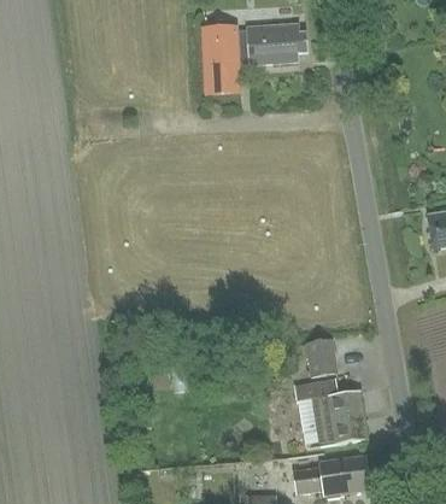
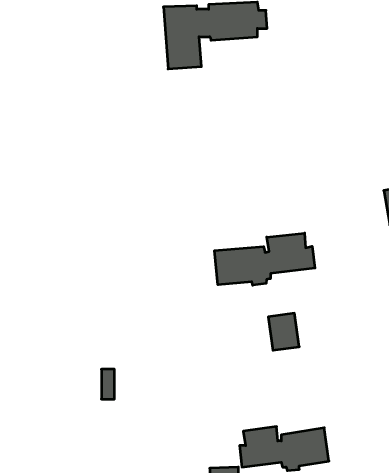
building: none -> [215,233,315,285]
building: [294,377,366,444] -> none

